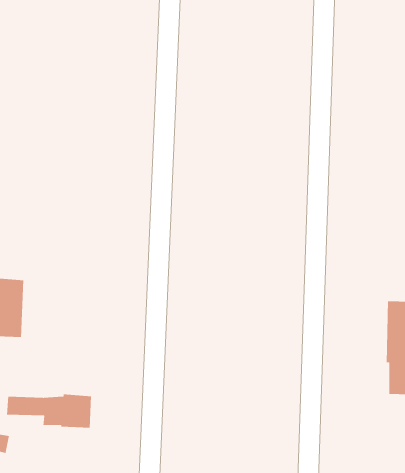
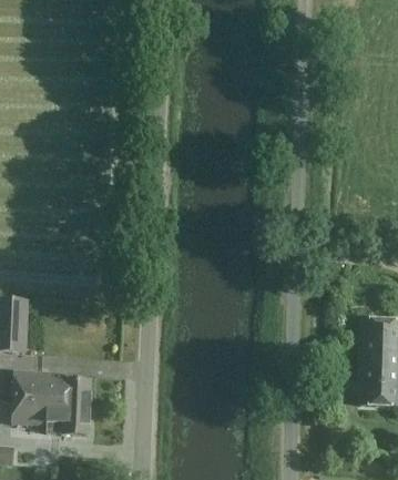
building: none -> [10,371,89,408]

